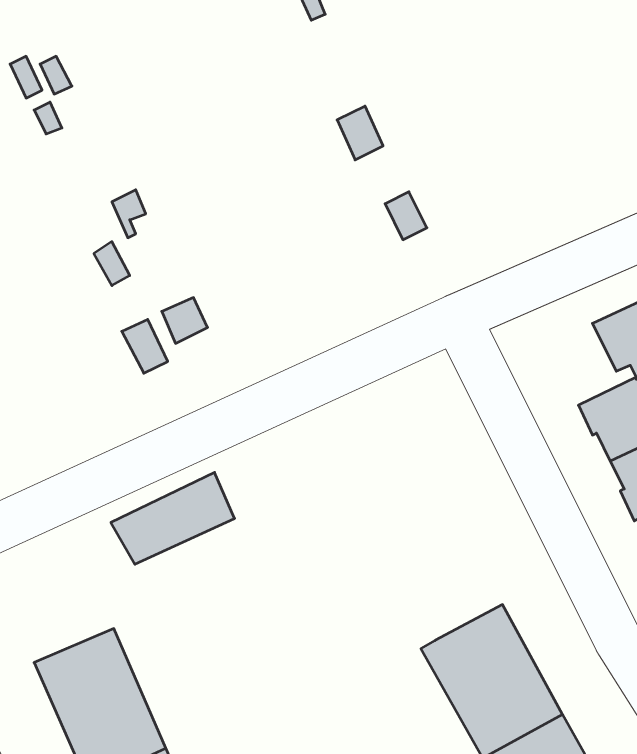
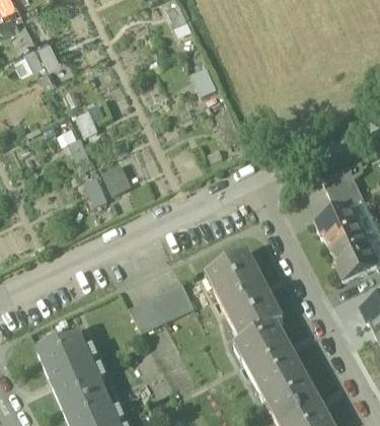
building: none -> [207,253,283,341]
building: [111,472,235,564] -> [131,285,194,332]

